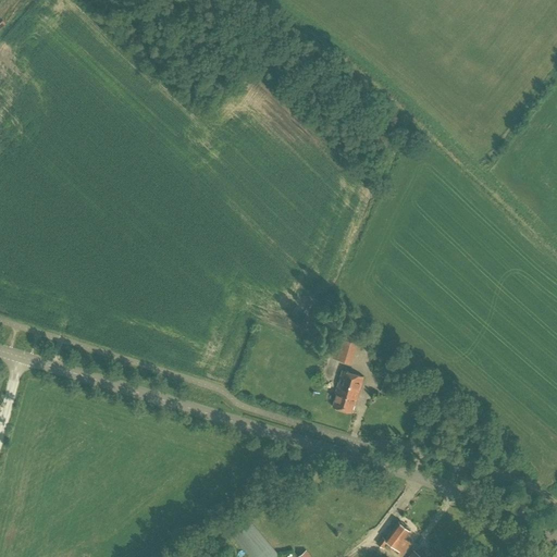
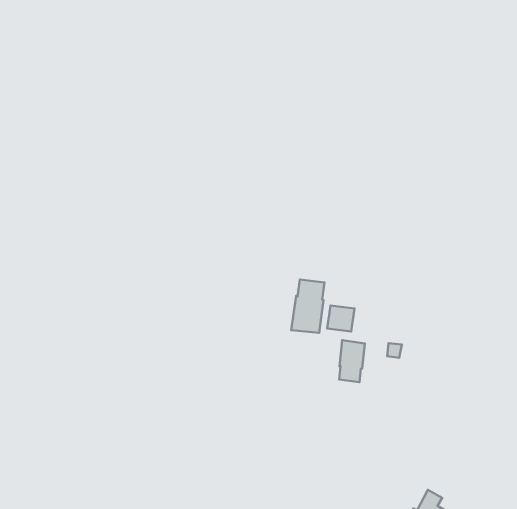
building: none -> [291,280,325,333]

